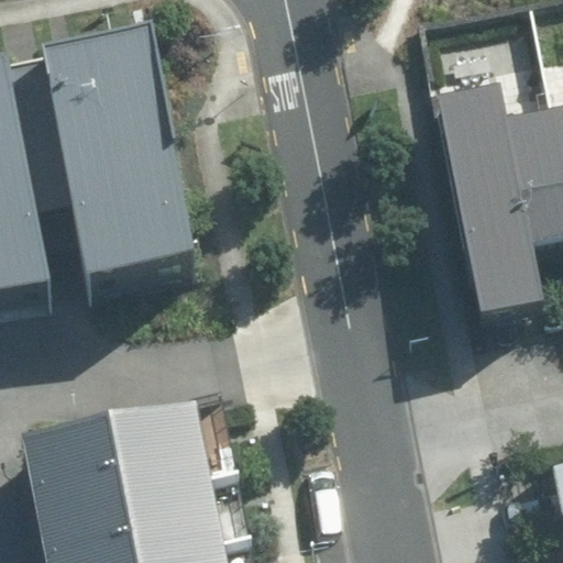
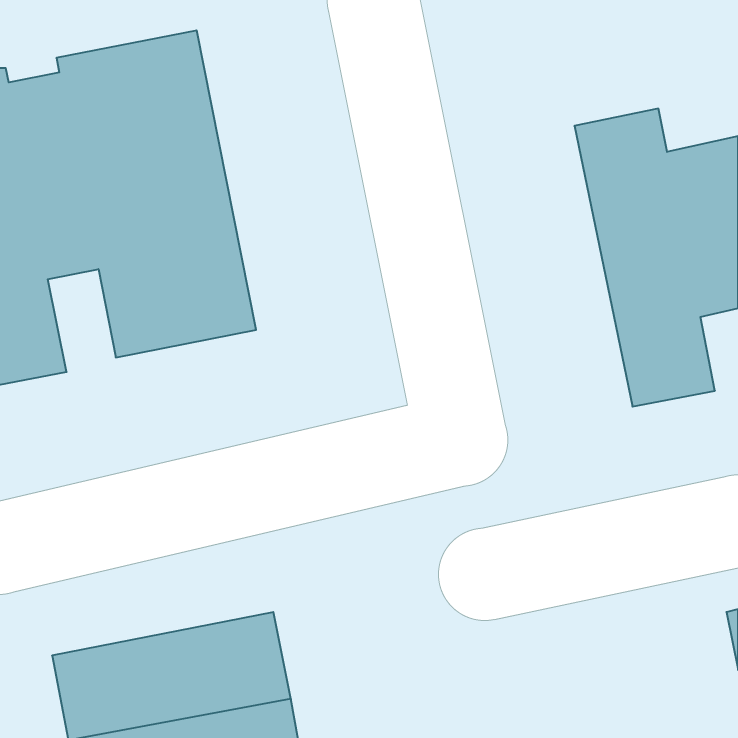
building: [26,401,208,499] -> none

